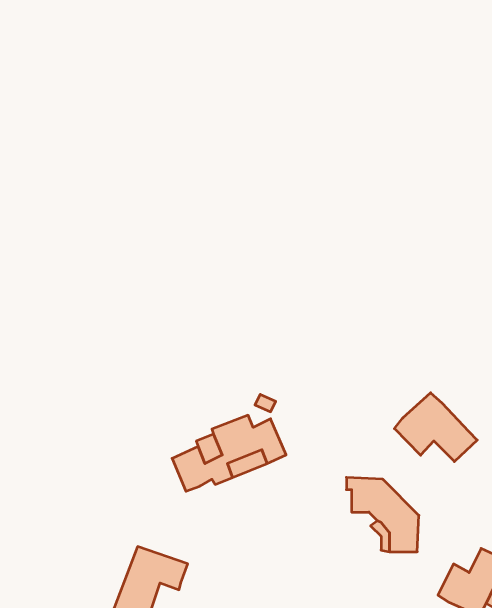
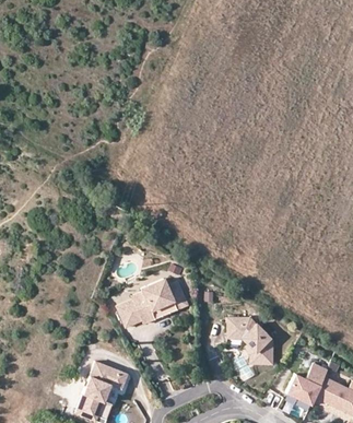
building: [394,393,477,462] -> none

